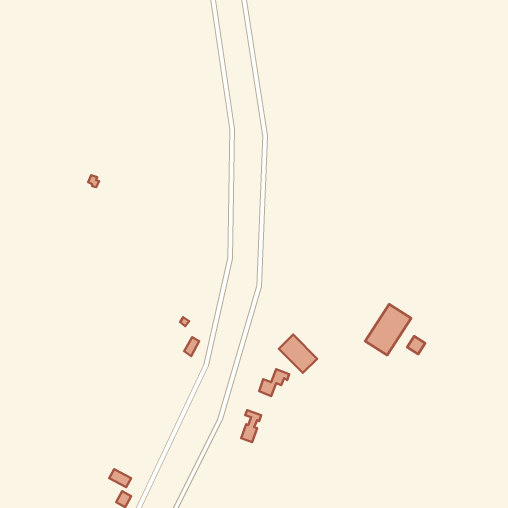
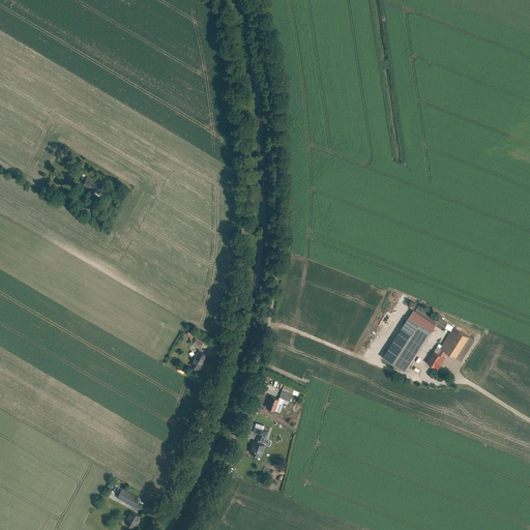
building: none -> [439,328,467,358]
building: [279,335,317,373] -> none

